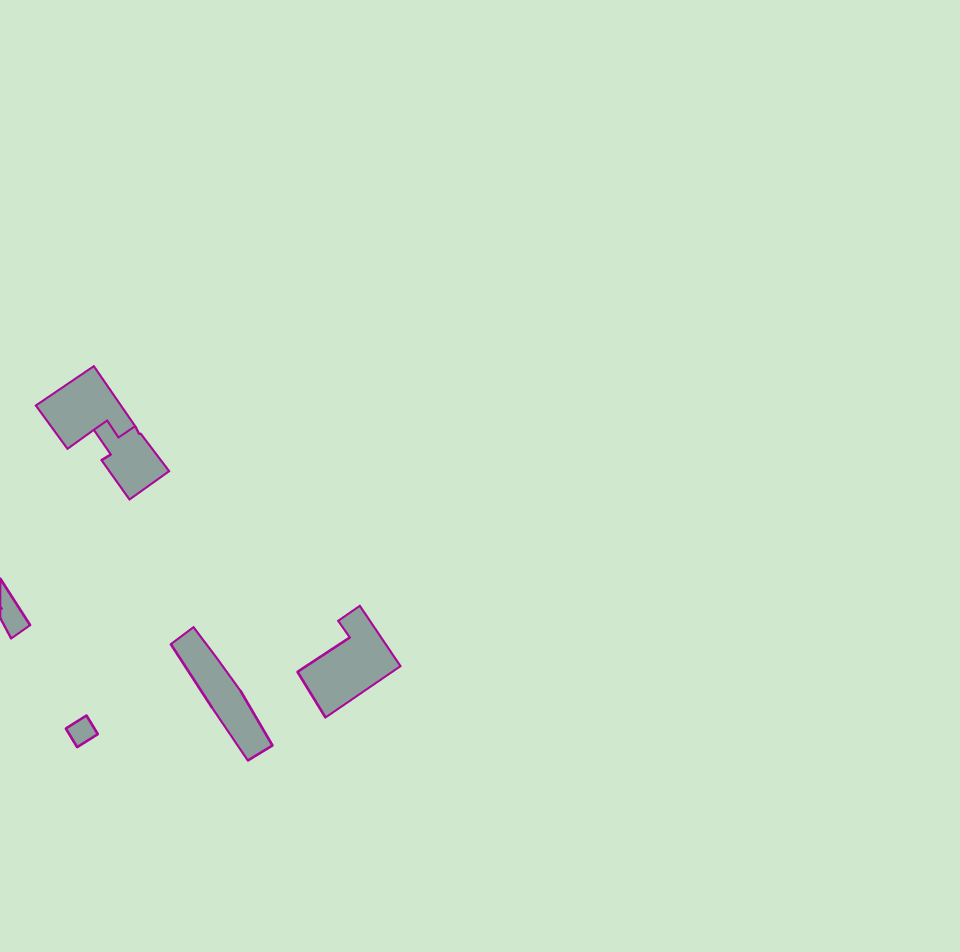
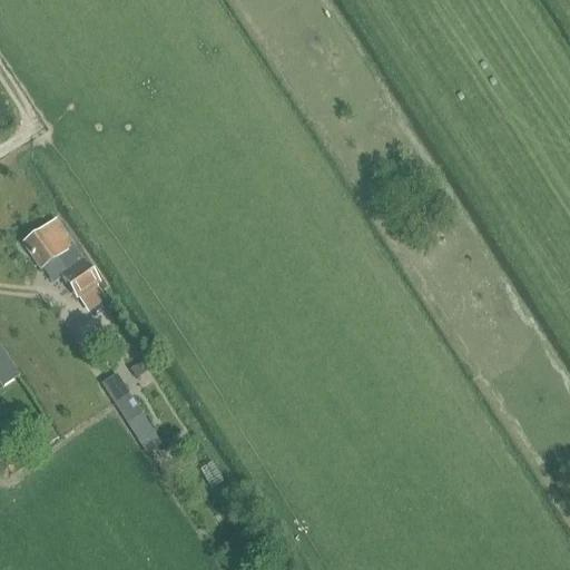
building: [298,606,401,717] -> none

